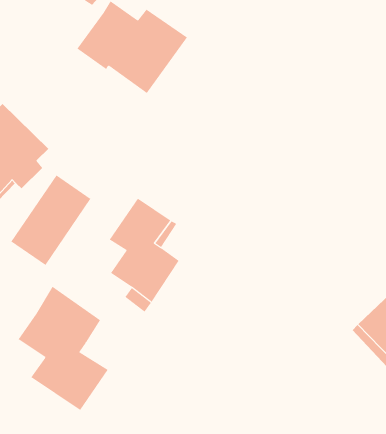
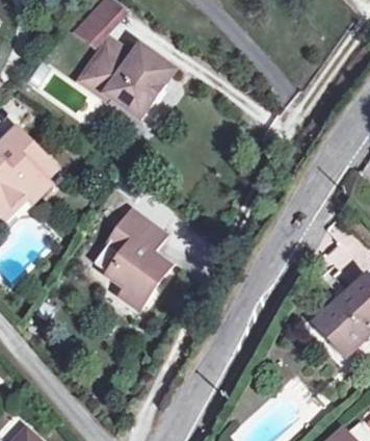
building: [11,174,91,266] -> none
building: [18,286,108,411] -> none

